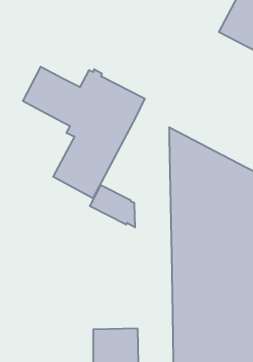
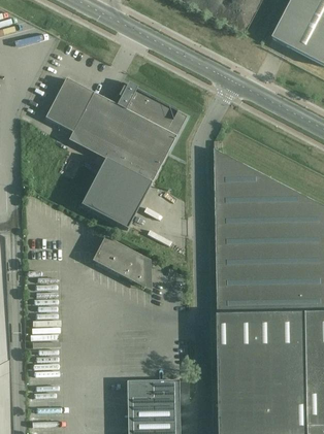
building: [90,185,135,227] -> [91,237,143,286]

